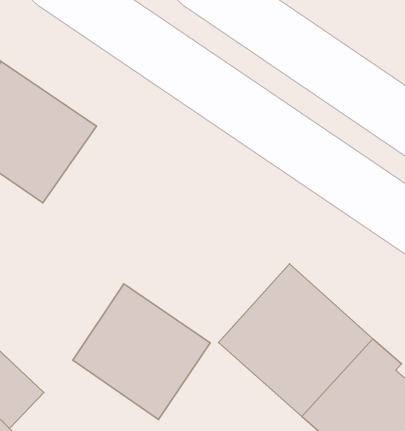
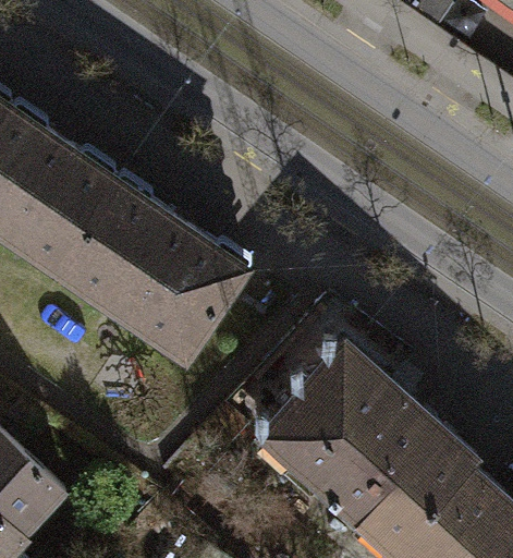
building: none -> [57,179,251,359]
building: [73,284,210,419] -> none

